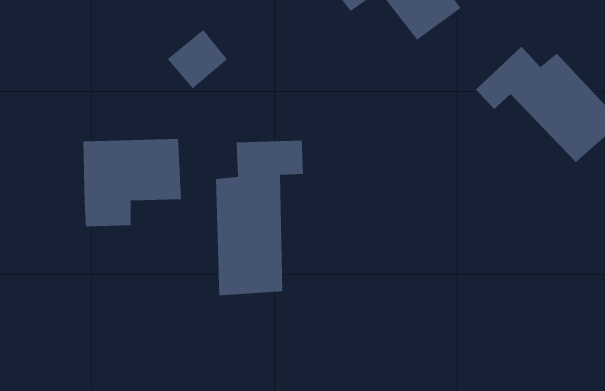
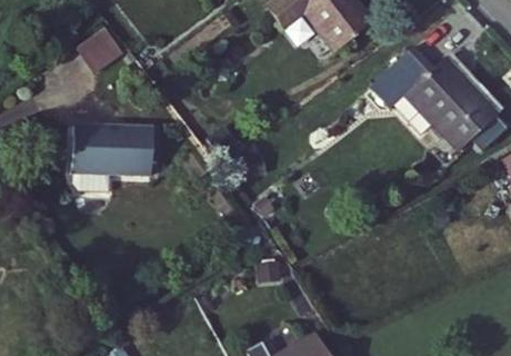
building: [167,29,228,89] -> [70,27,120,76]
building: [215,140,303,296] -> none

